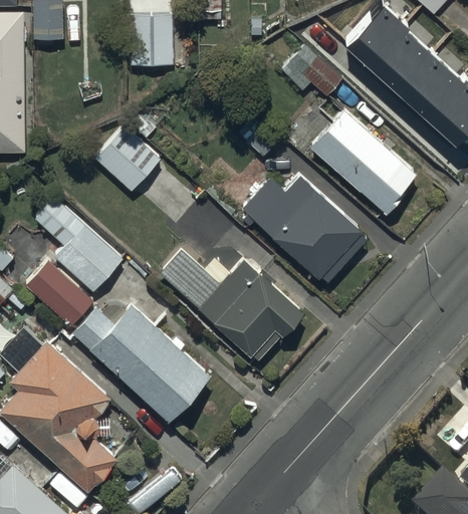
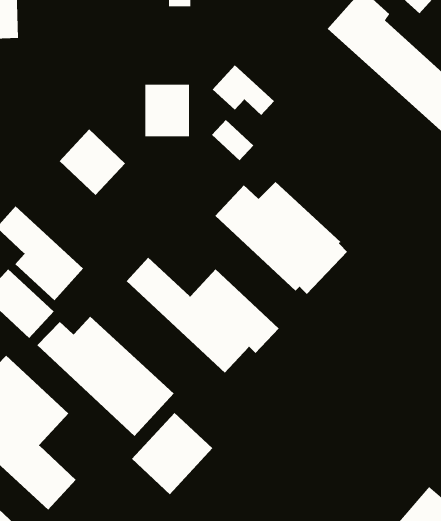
building: [129,14,172,64] -> [145,84,190,137]
building: [284,45,344,94] -> [212,64,275,116]
building: [311,109,421,221] -> none
building: none -> [131,412,213,495]

